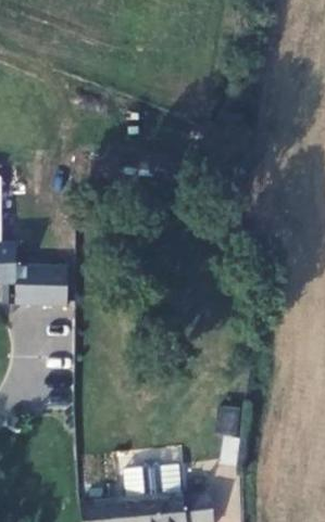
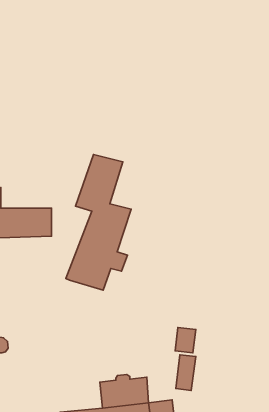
building: none -> [66,155,131,290]

